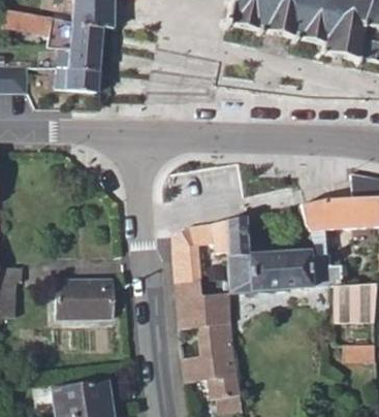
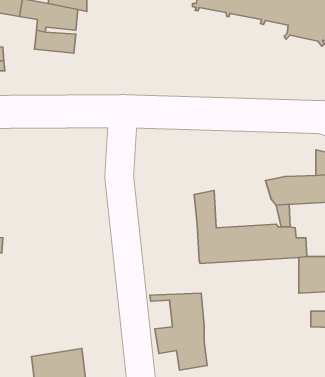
building: [57,67,100,92] -> none
building: [173,219,233,324] -> none
building: [61,278,115,317] -> none

